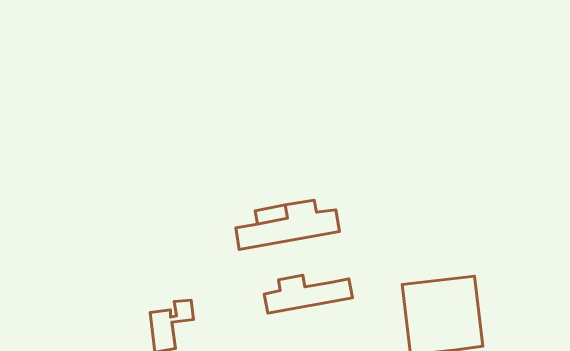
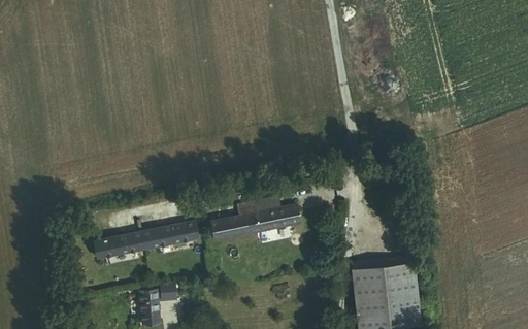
building: none -> [92,222,197,259]
building: [264,275,352,313] -> none

